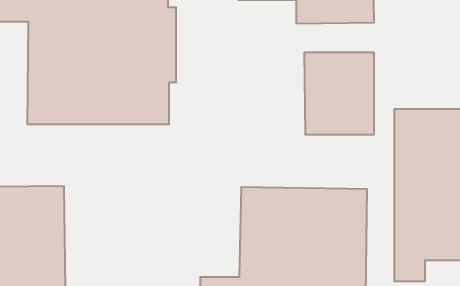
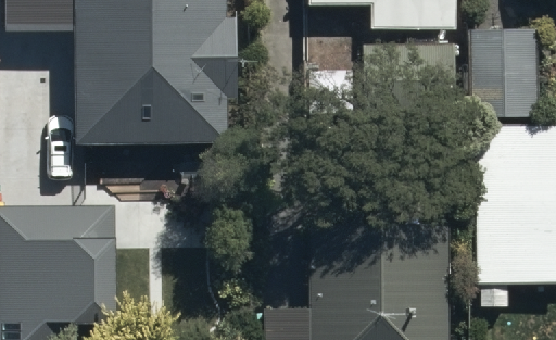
building: [304,53,374,134] -> [464,26,540,115]

